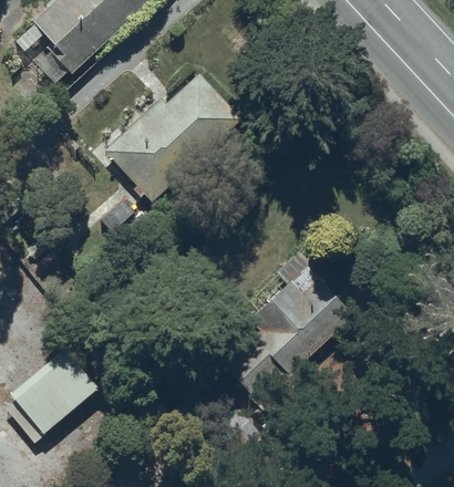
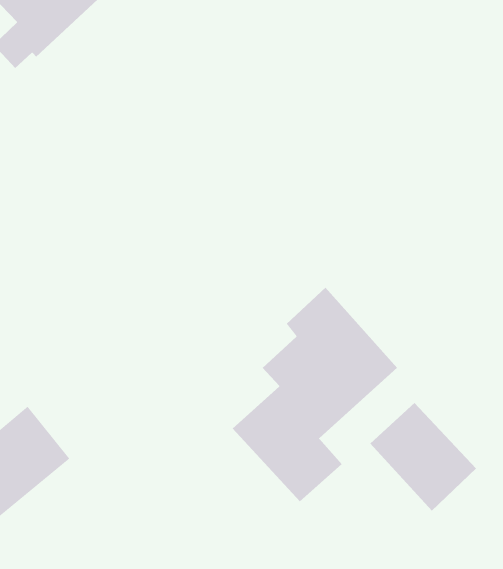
building: [104,72,244,201] -> none
building: none -> [370,402,477,511]

